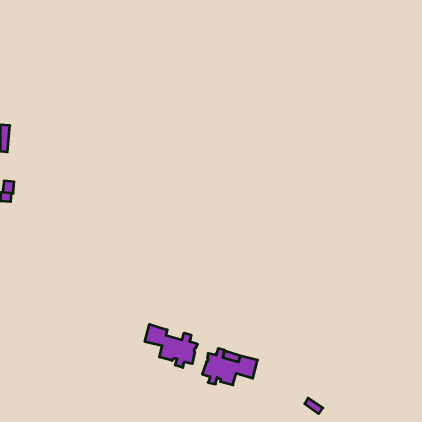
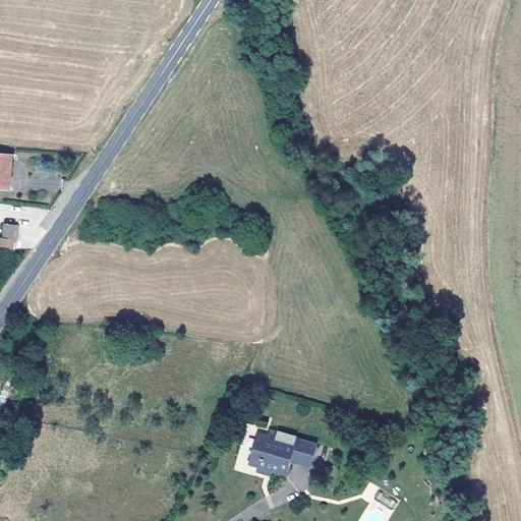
building: [145,324,197,368] -> none

